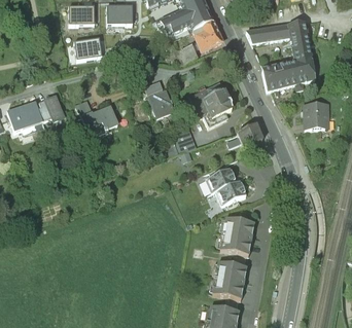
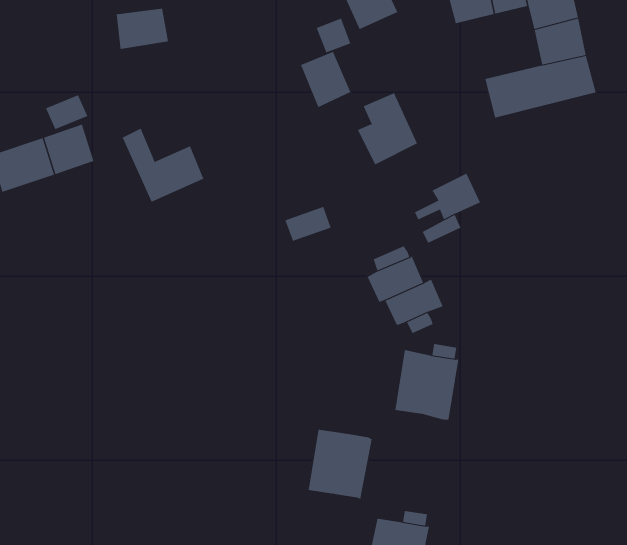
building: [149,89,176,119] -> [300,51,351,108]
building: [303,104,327,134] -> none
building: [212,260,246,297] -> [308,429,373,500]

